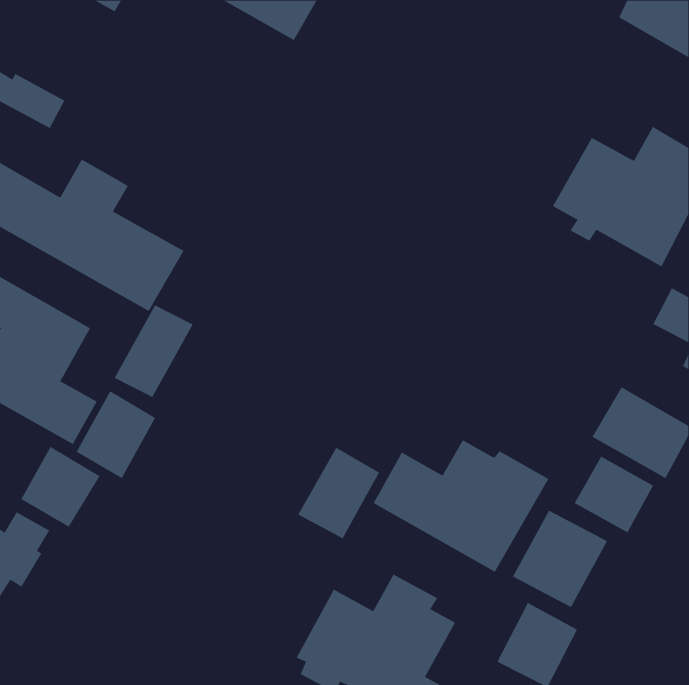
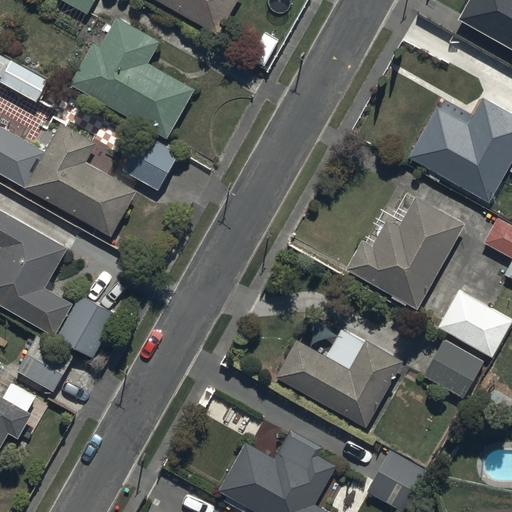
building: none -> [69,17,195,139]
building: none -> [122,135,178,192]
building: none -> [347,197,462,309]
building: [114,304,194,398] -> none
building: [298,447,380,539] -> none
building: [512,510,608,608] -> none

